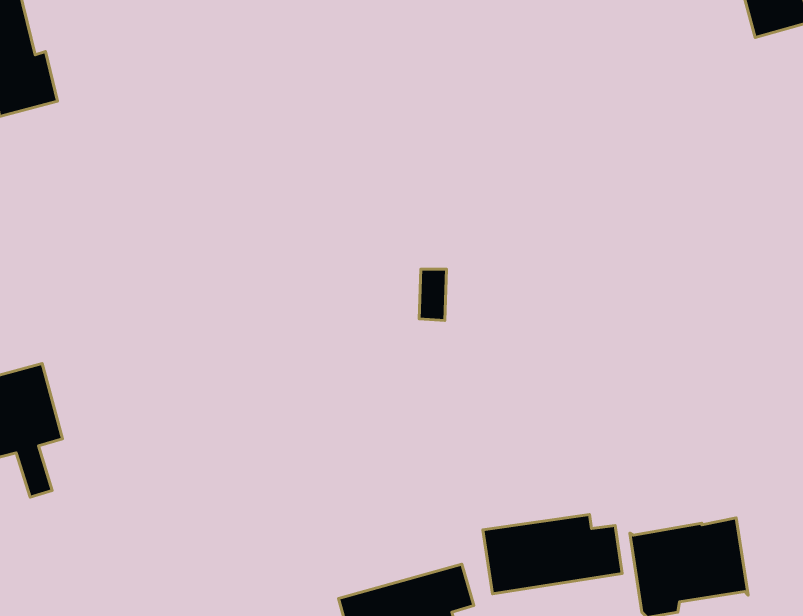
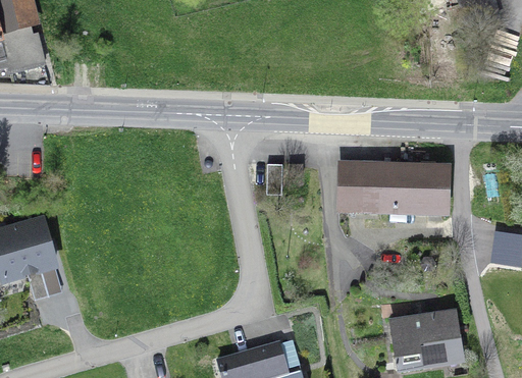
building: none -> [341,163,447,208]
building: [483,514,622,594] -> none

